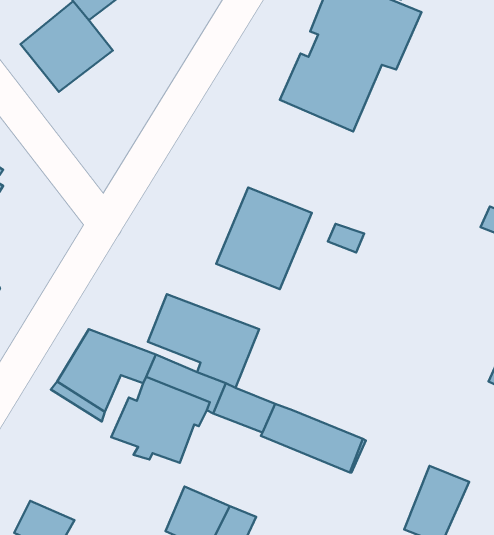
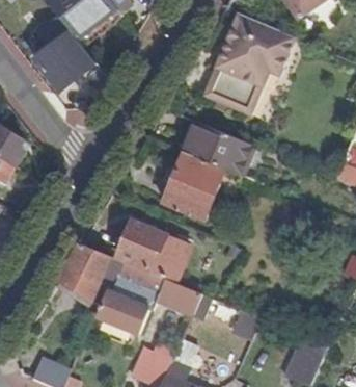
building: none -> [183,122,245,172]

